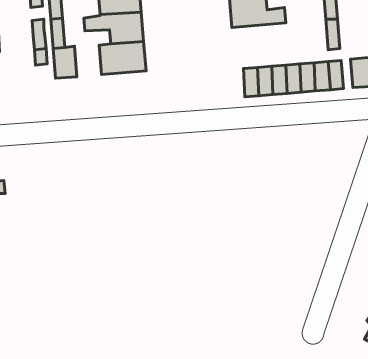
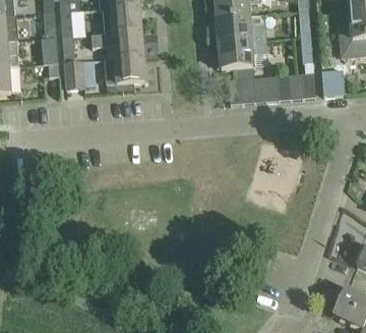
building: none -> [219,40,269,69]

